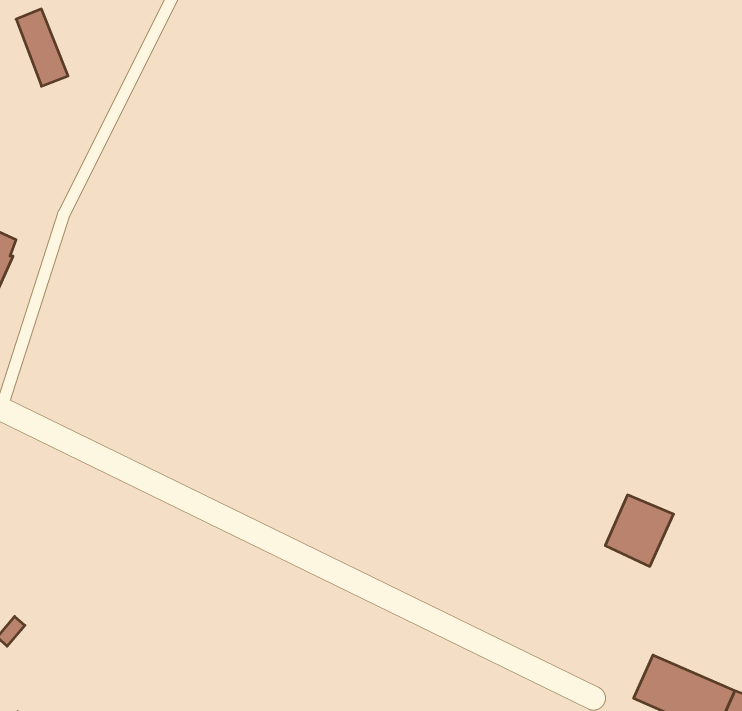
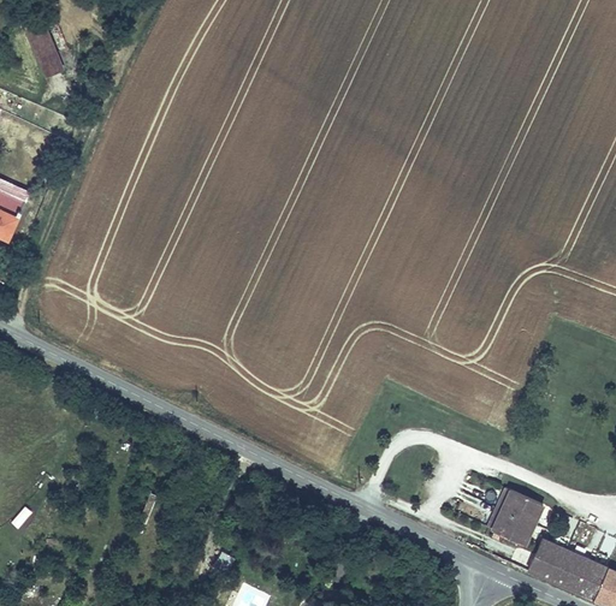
building: [605,495,674,566] -> [487,489,543,547]

